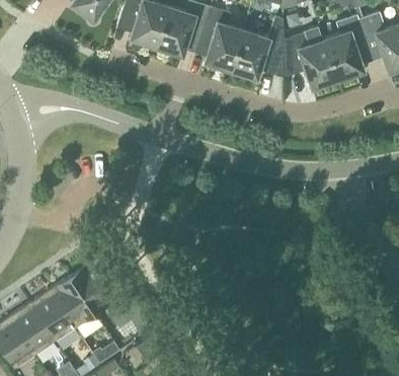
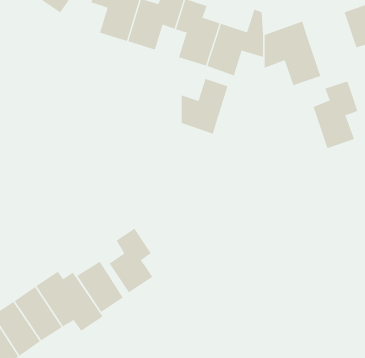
building: [324,15,367,79] -> [313,81,358,149]
building: none -> [181,78,228,134]
building: none -> [109,228,153,293]
building: none -> [76,261,124,313]

